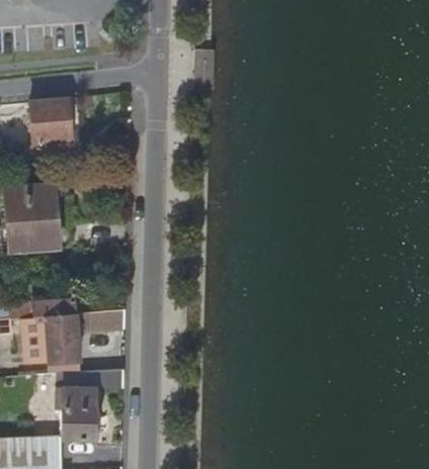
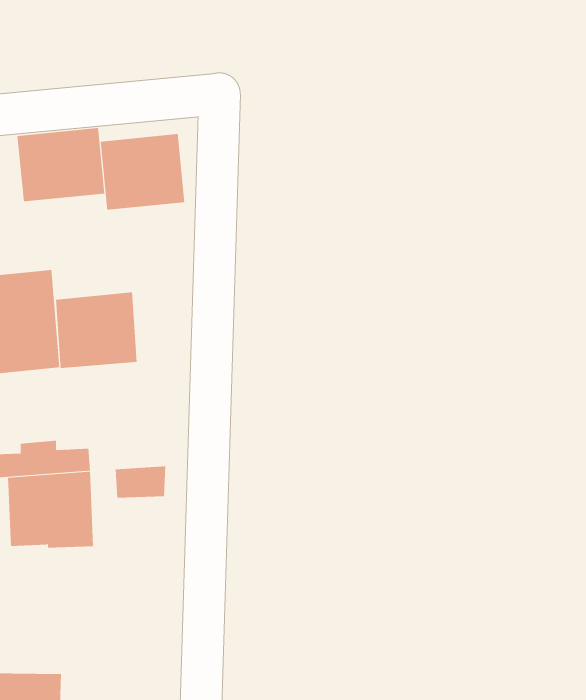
building: none -> [100,133,185,210]
building: none -> [56,291,137,369]
building: [56,370,123,441] -> none

